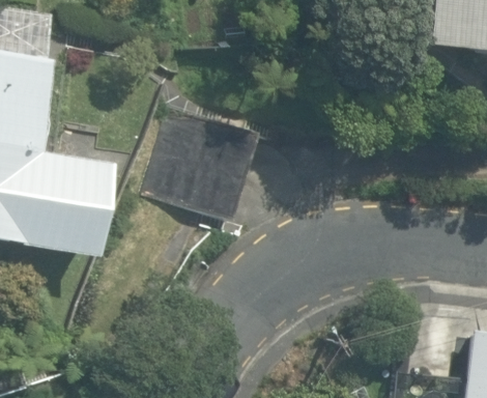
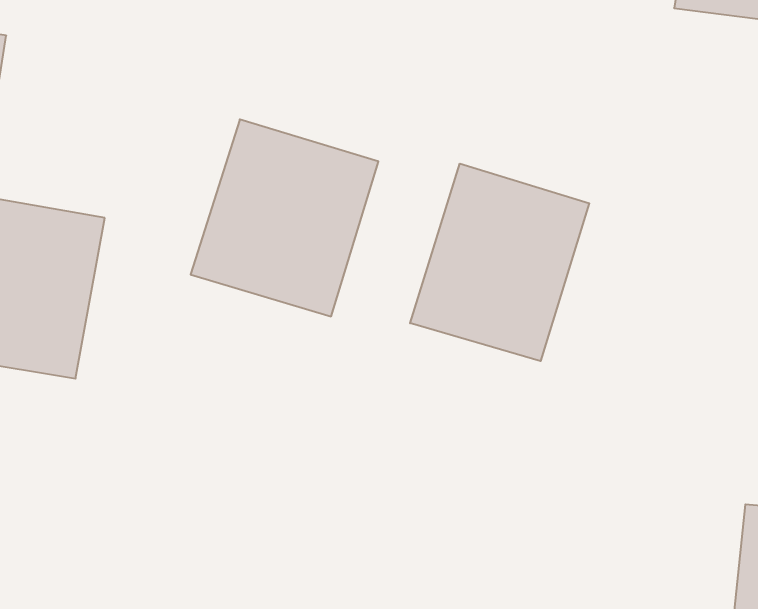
building: none -> [410,164,589,361]

